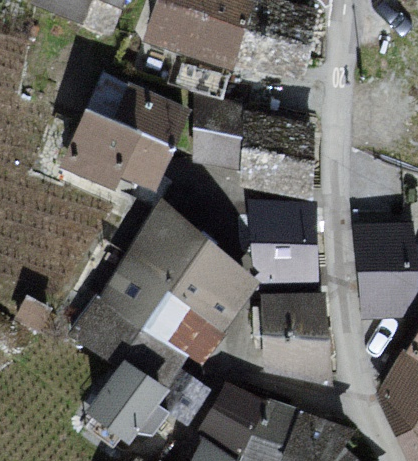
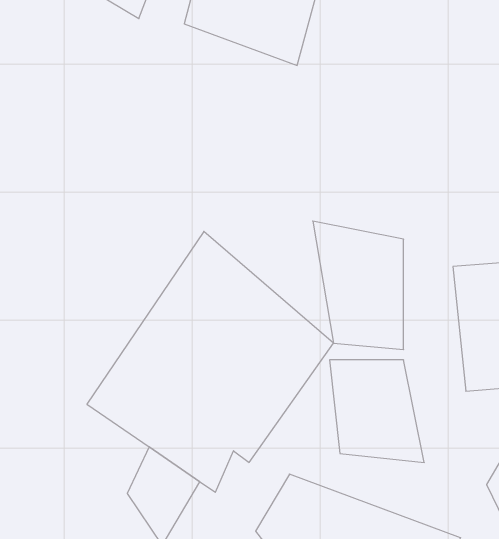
building: [62,69,192,190] -> none

